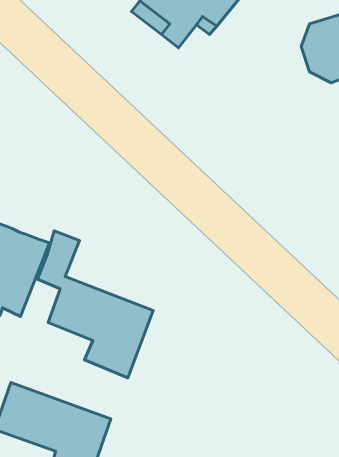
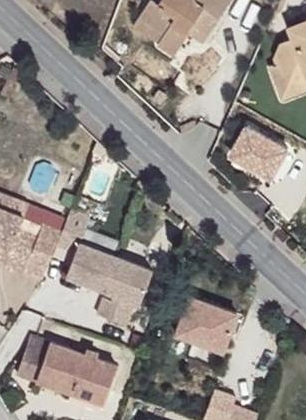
building: none -> [232,126,288,176]
building: none -> [173,291,238,352]

